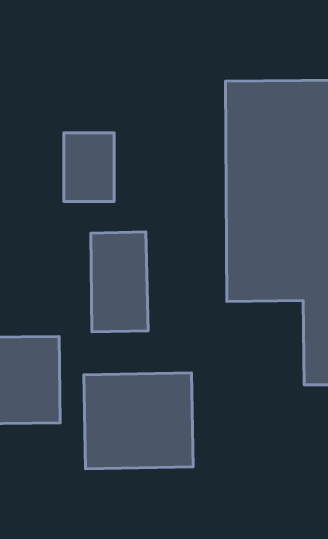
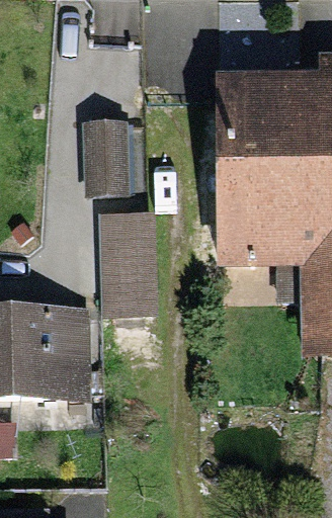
building: [84,373,193,469] -> none

